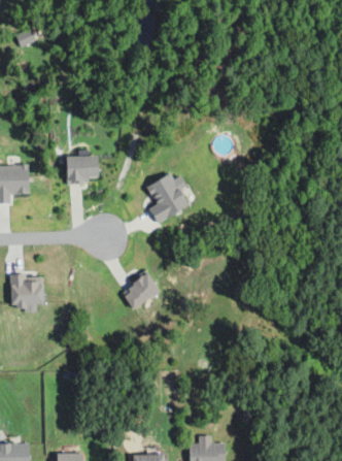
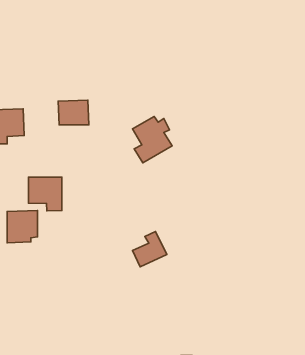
building: none -> [28,177,62,211]
building: [123,270,160,308] -> [133,232,167,267]

